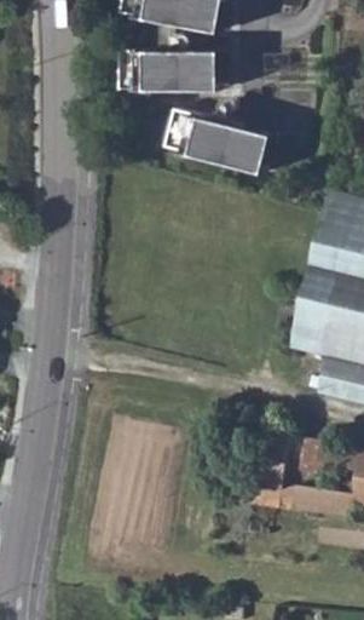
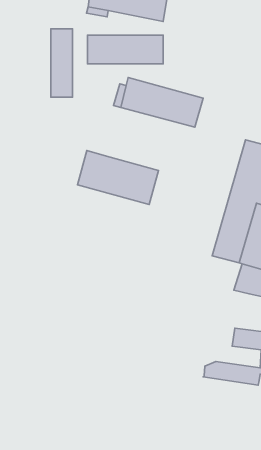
building: none -> [51,29,73,97]
building: none -> [77,151,158,205]

